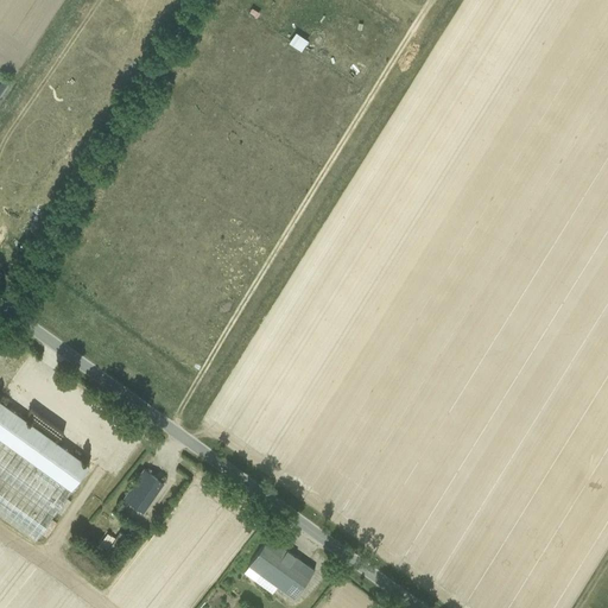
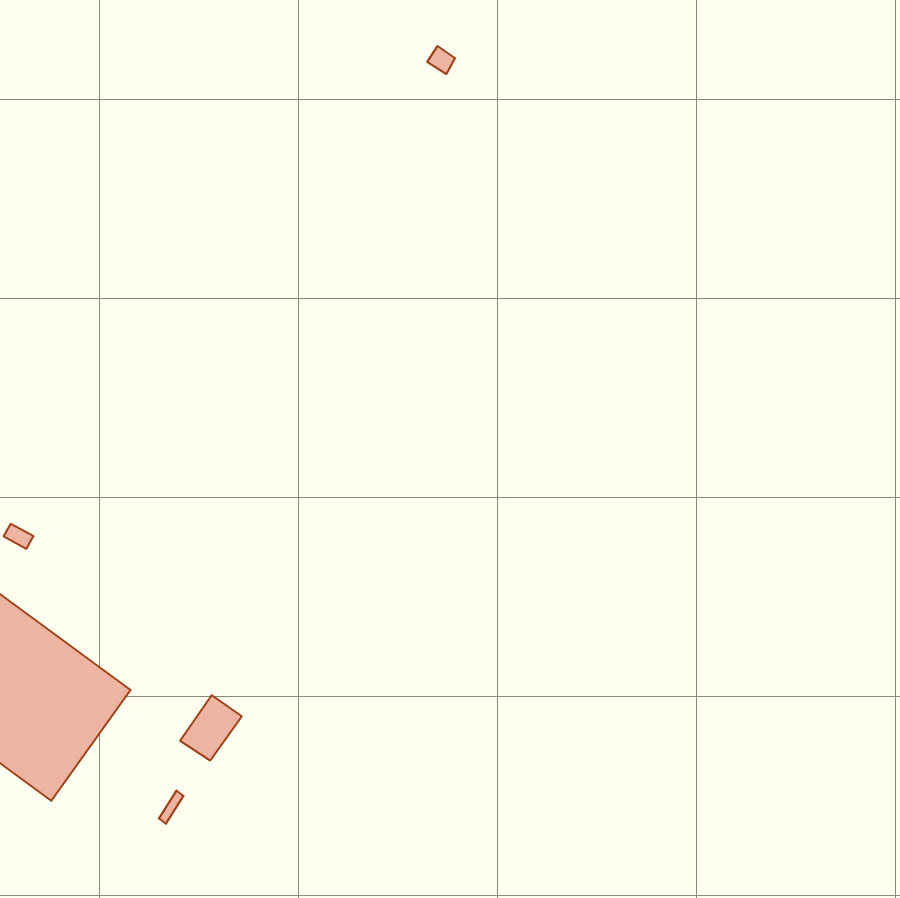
building: [247,539,314,601] -> none

